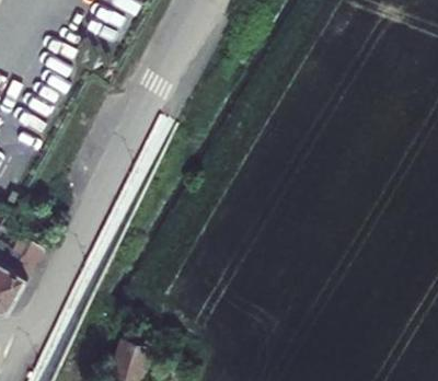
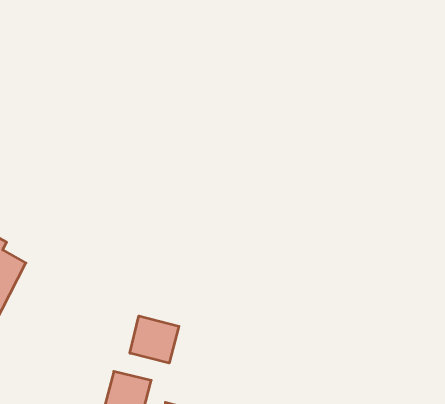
building: none -> [130,316,179,363]

